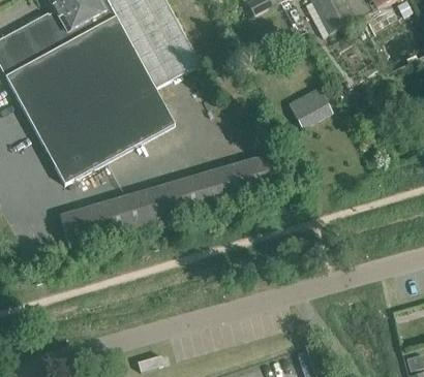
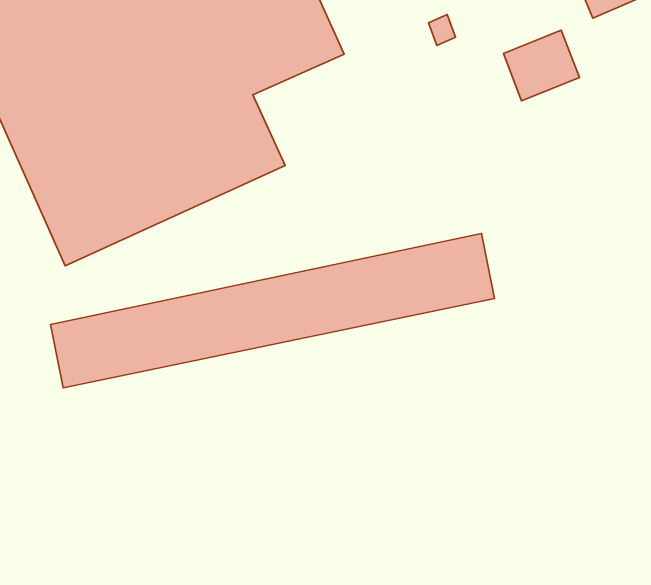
building: [291,84,331,122] -> [503,30,579,101]

